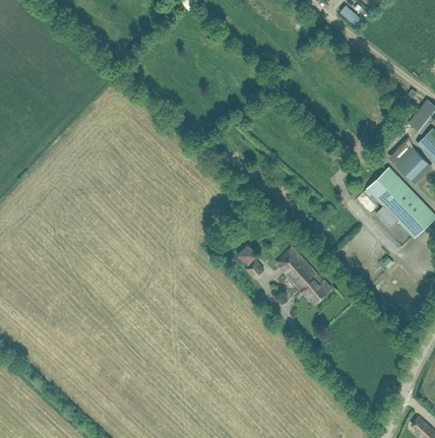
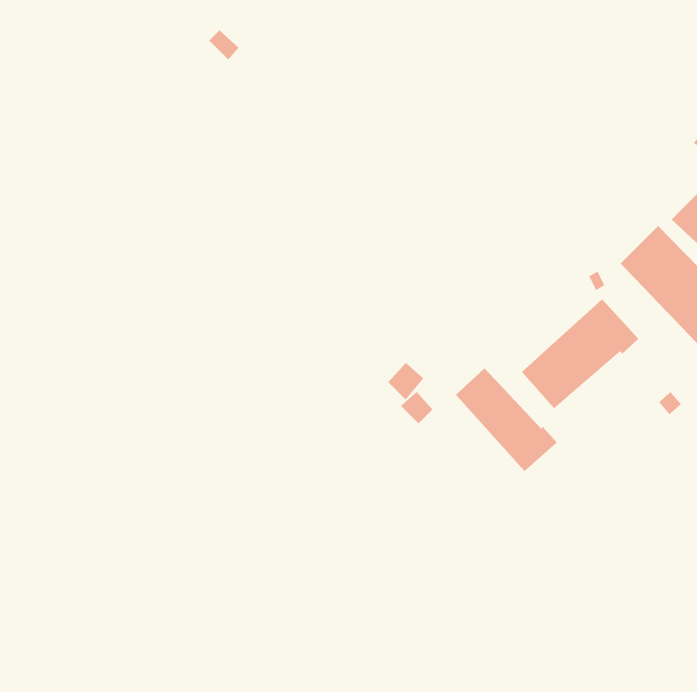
building: none -> [521,299,639,409]

